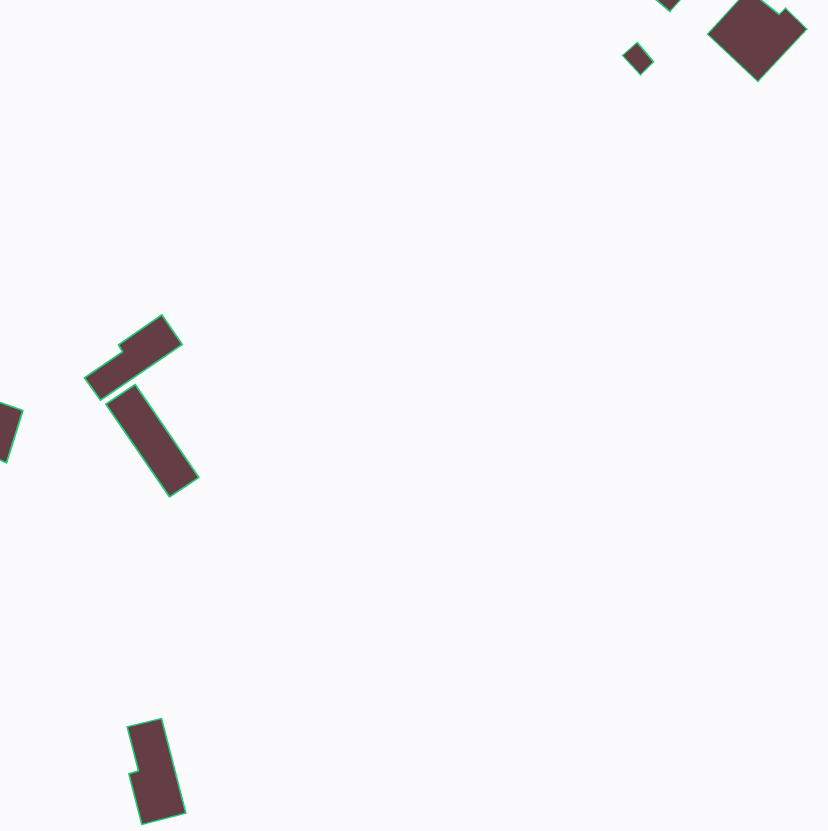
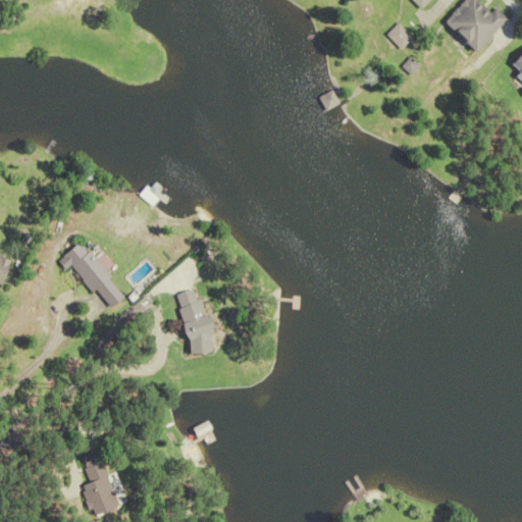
building: [84,315,182,400] -> none
building: none -> [176,288,219,357]

